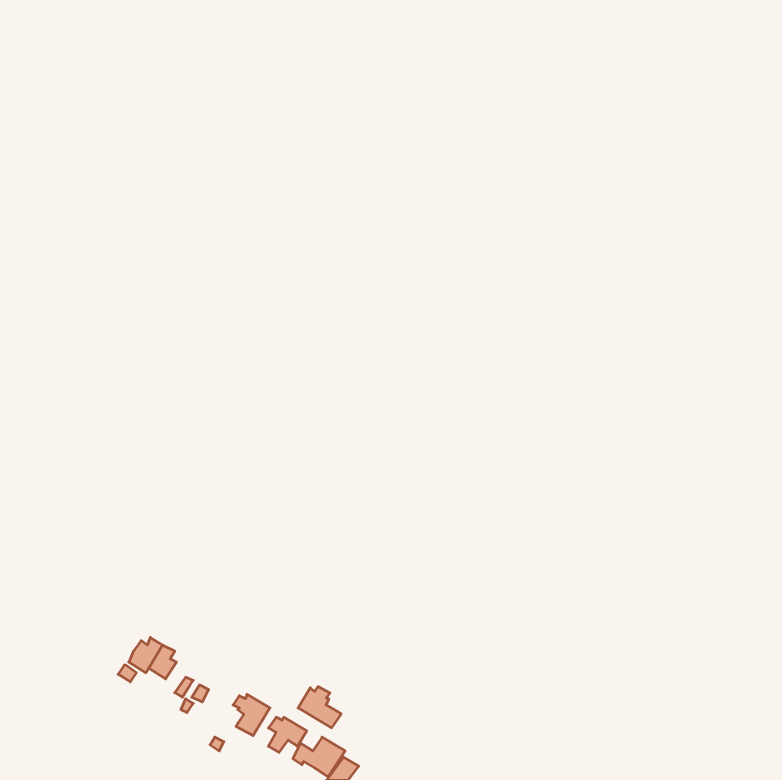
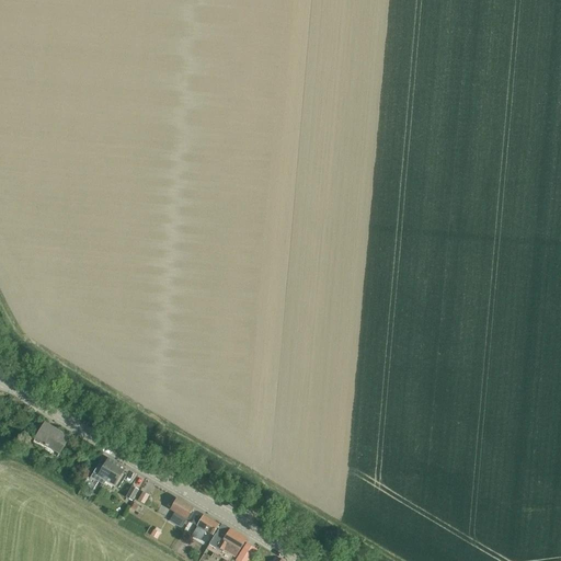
building: none -> [32,421,69,456]
building: [298,687,341,728] -> none

